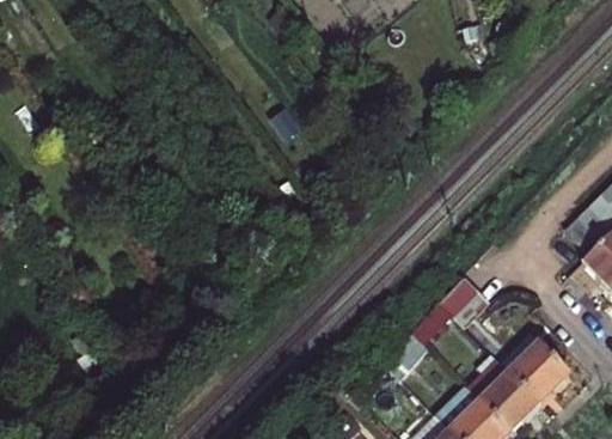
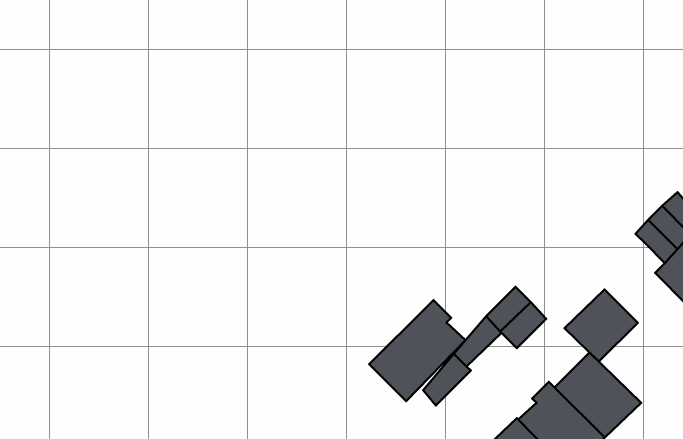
building: none -> [564,290,638,362]
building: none -> [369,300,466,401]

